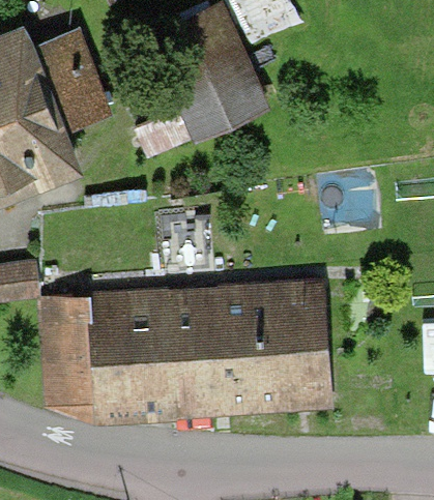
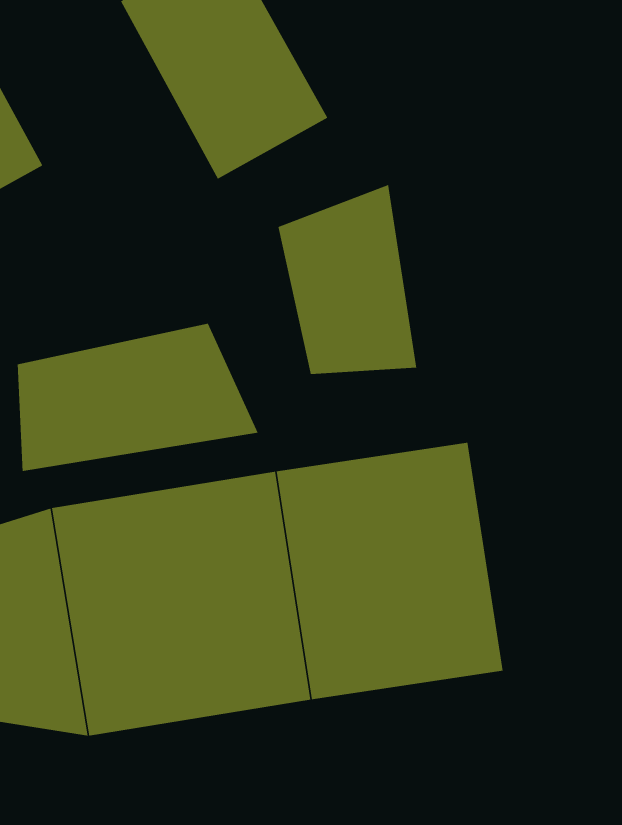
building: none -> [278,184,417,375]
building: none -> [17,323,258,472]

